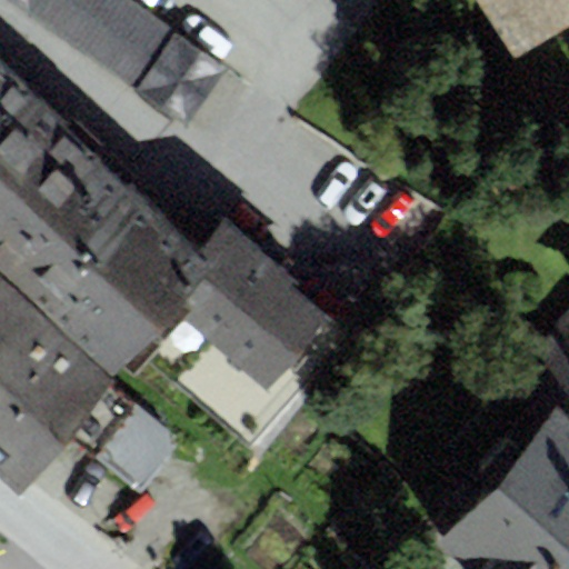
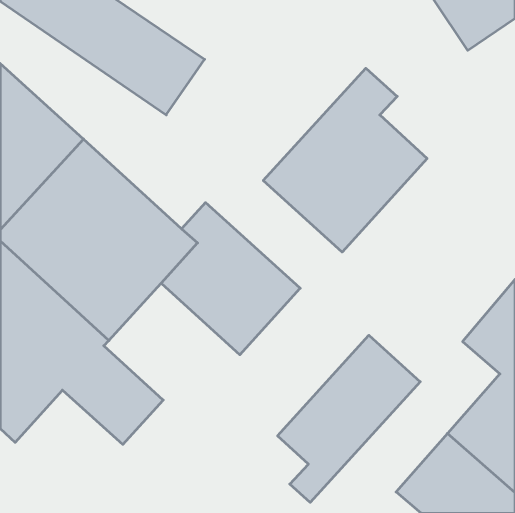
building: none -> [263,68,427,252]
building: none -> [278,335,420,502]

